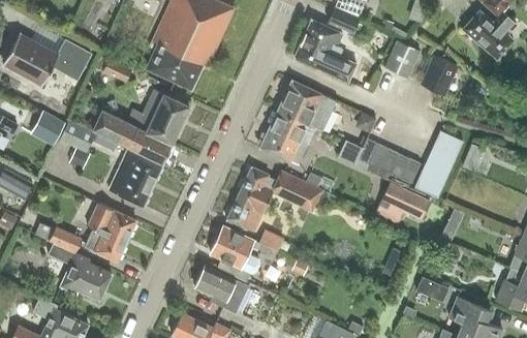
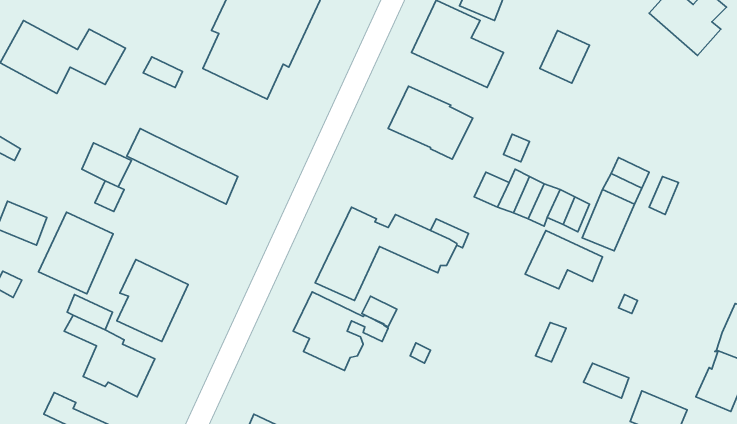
building: [422,56,457,94] -> none
building: [126,89,188,144] -> none
building: [259,110,307,164] -> none
building: [30,111,65,146] -> none
building: [109,148,161,206] -> [39,212,113,294]
building: [194,265,247,311] -> none

